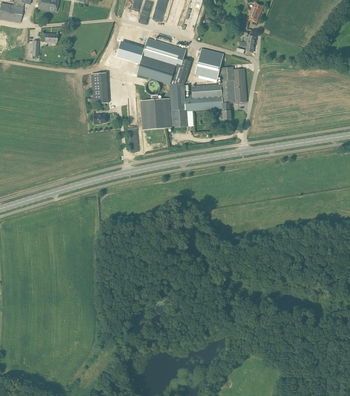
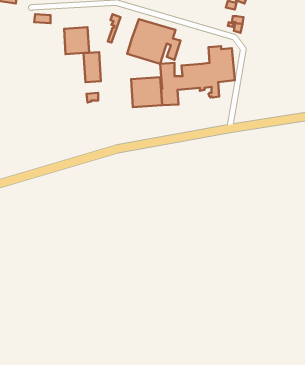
building: none -> [64,27,89,54]
building: [195,48,223,80] -> none

